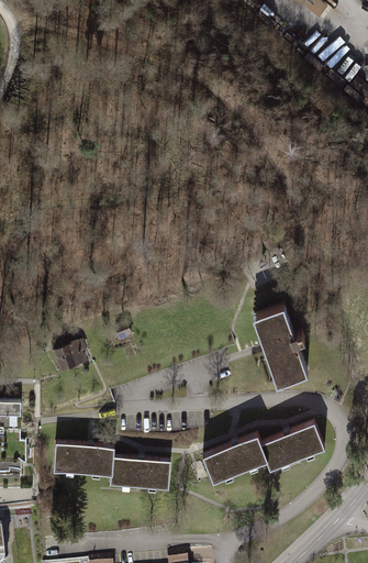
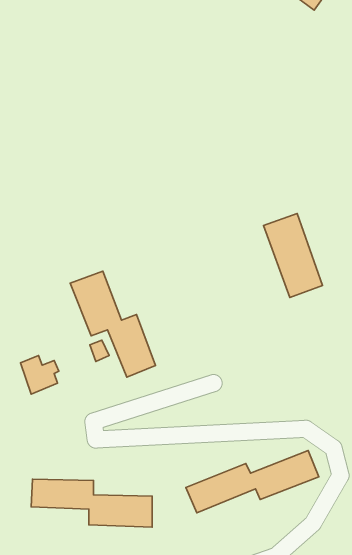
building: none -> [70,271,156,377]
building: [253,303,306,380] -> [264,214,322,298]

